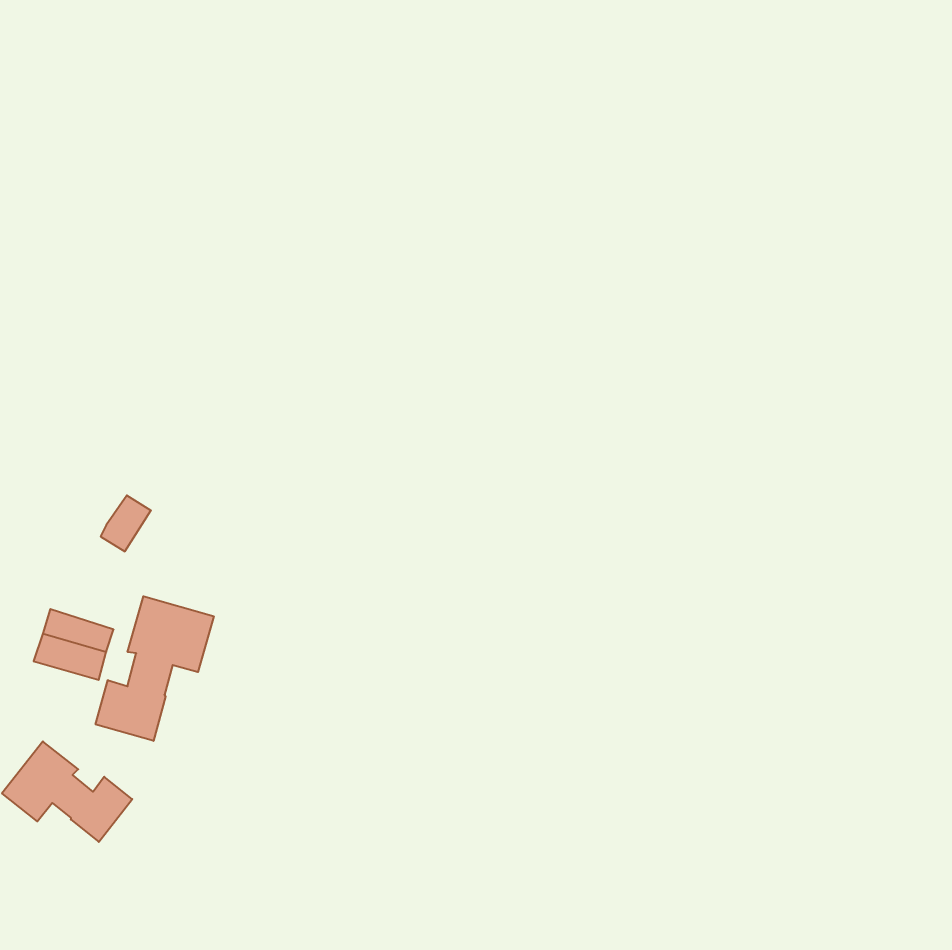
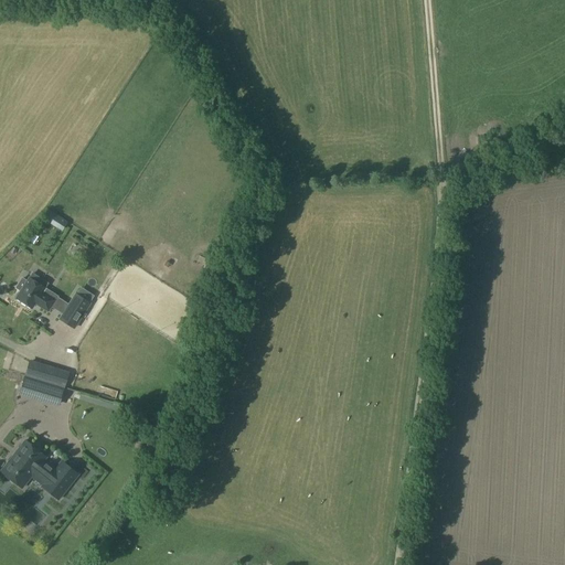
building: none -> [15,271,54,310]
building: [96,596,214,741] -> none

